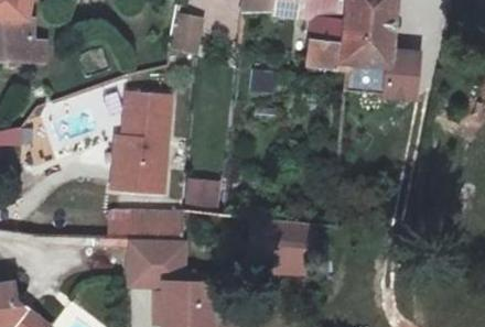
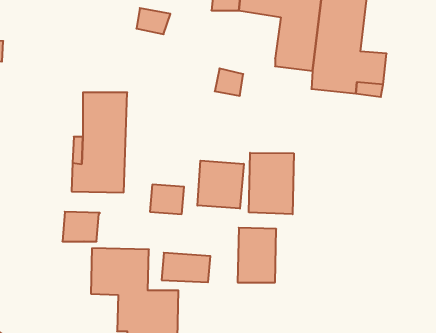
building: none -> [249,153,294,214]
building: none -> [197,161,244,209]
building: [136,209,183,238] -> [162,253,210,282]

